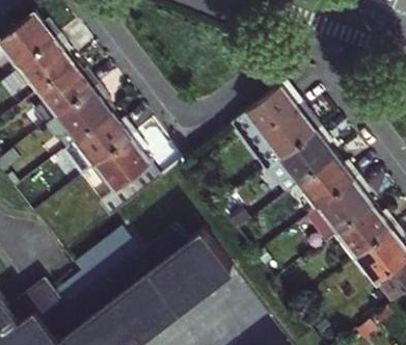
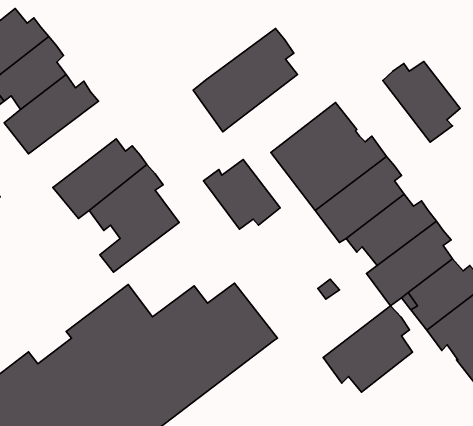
building: none -> [193,29,297,132]
building: none -> [383,62,460,142]
building: [47,92,114,156] -> none
building: none -> [203,159,280,229]
building: none -> [323,306,413,392]

